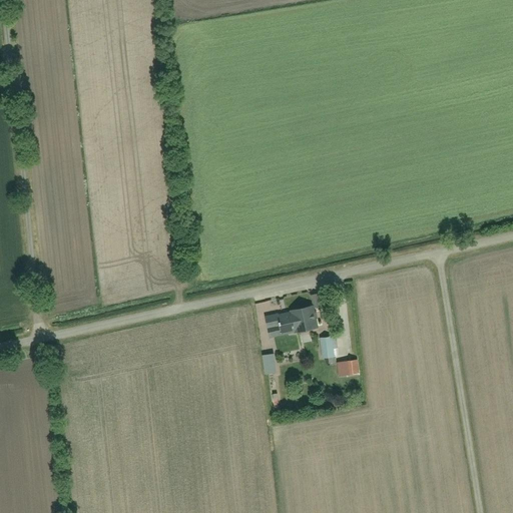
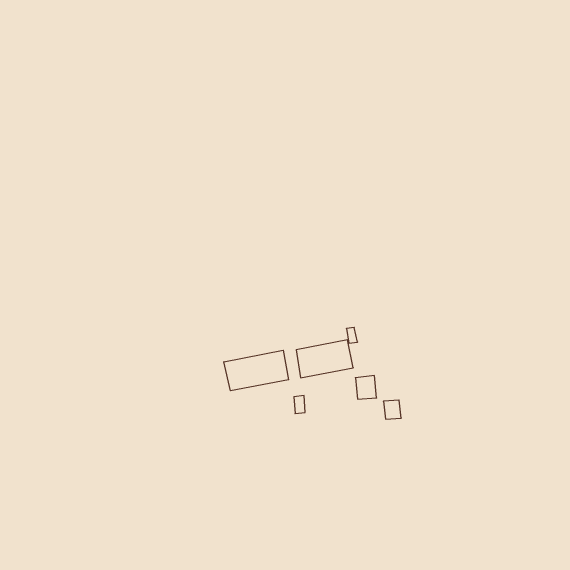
building: none -> [224,350,289,391]

